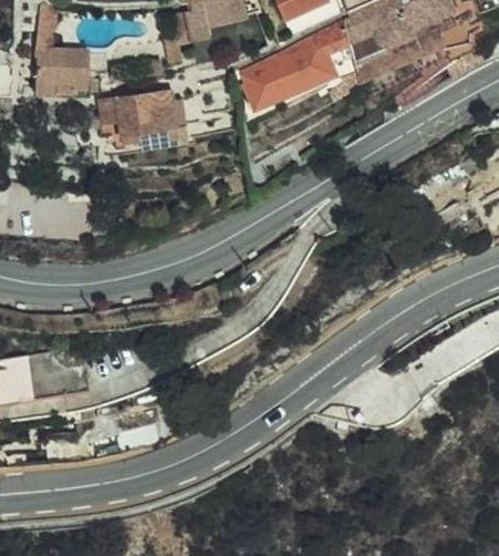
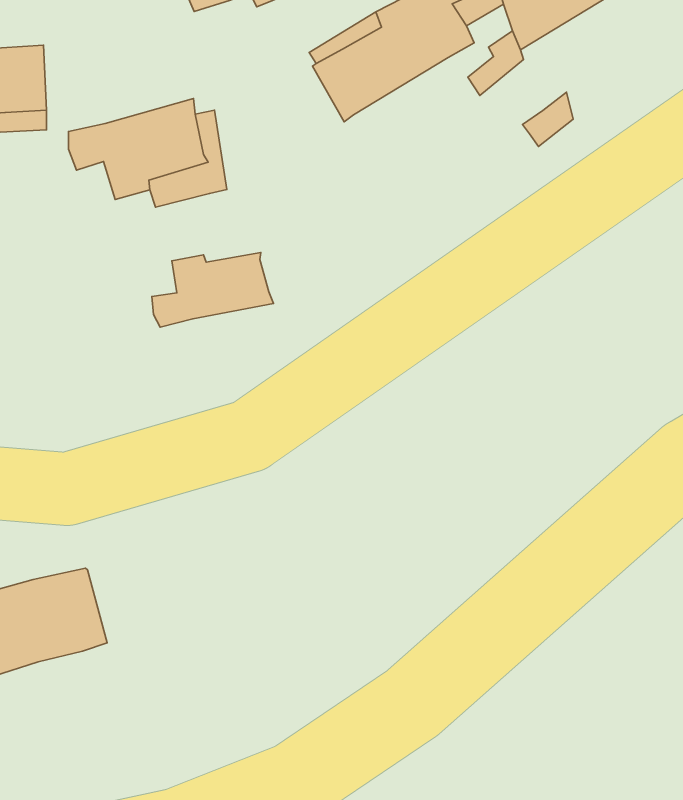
building: none -> [152,253,274,327]

